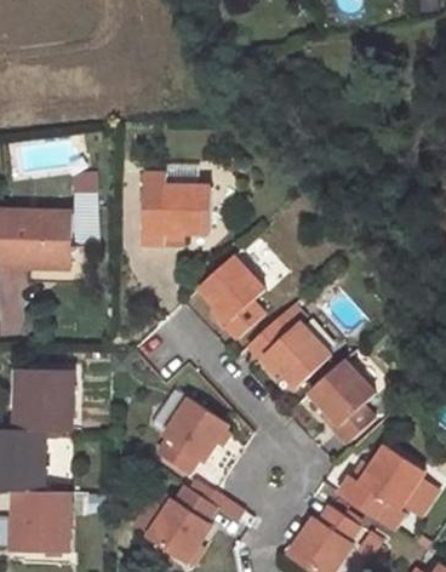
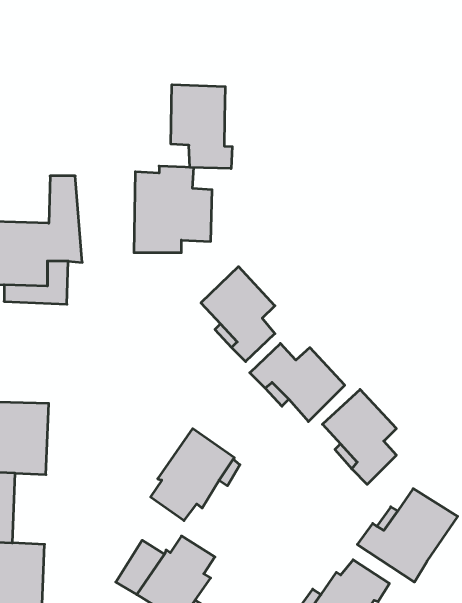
building: none -> [171,85,232,169]

